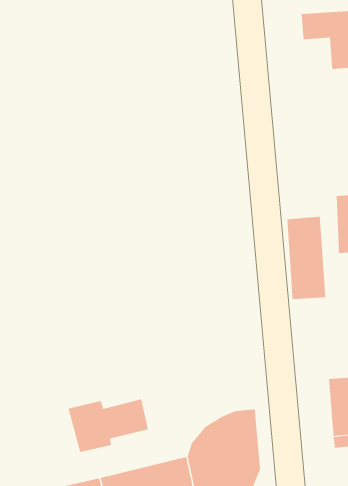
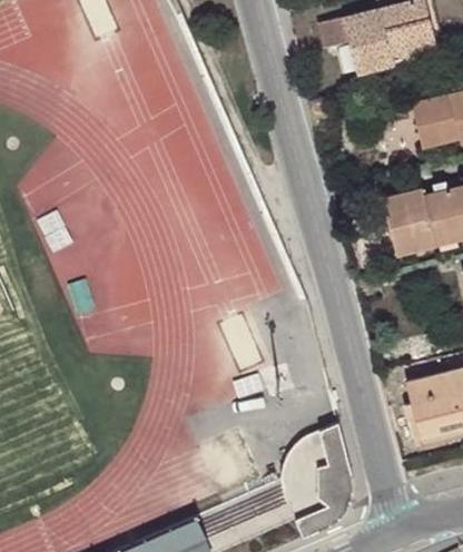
building: [287,216,326,300] -> none
building: [68,399,149,453] -> none

